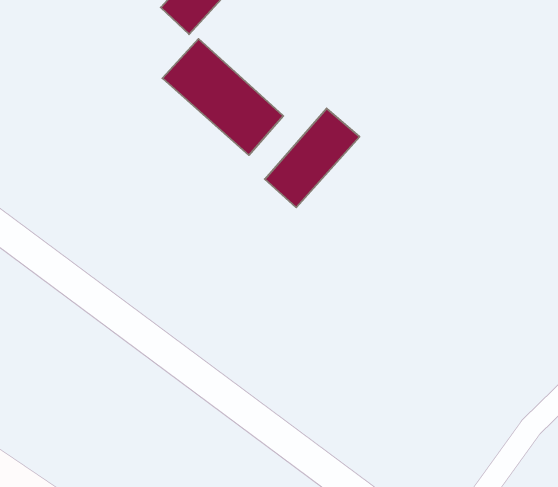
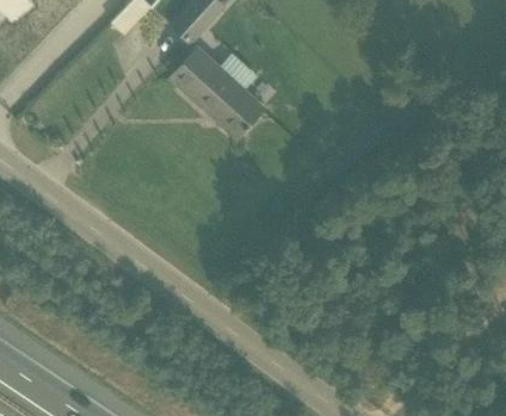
building: [265,108,359,207] -> none

